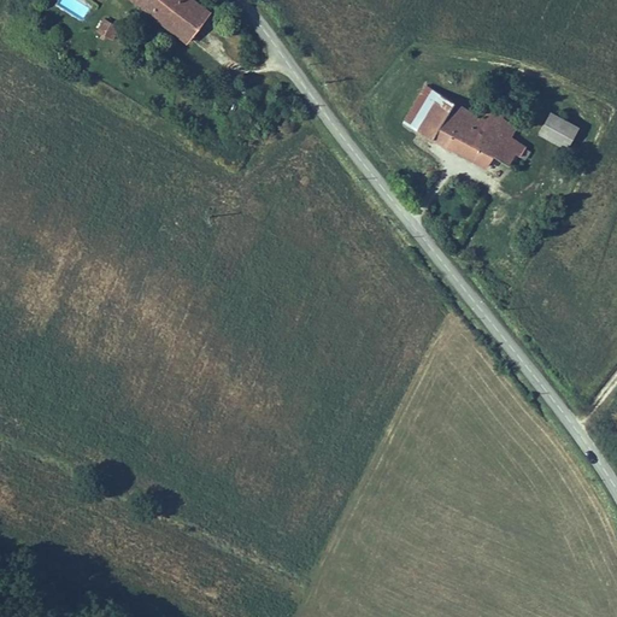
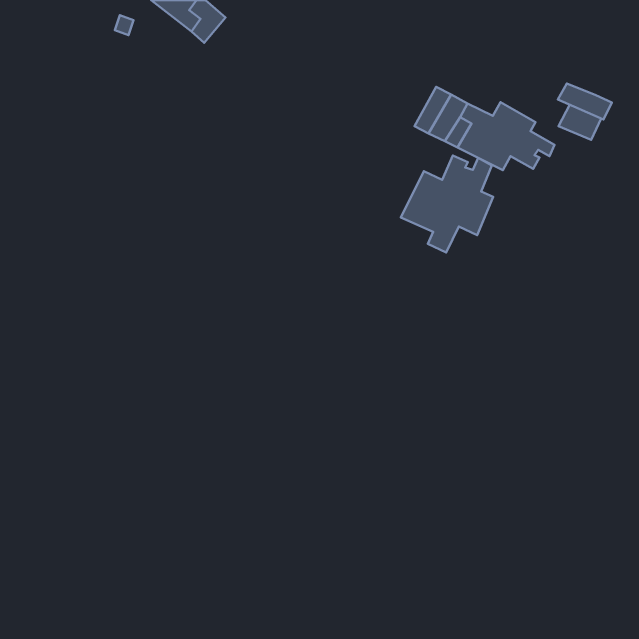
building: none -> [558,83,612,119]
building: none -> [401,155,493,252]

